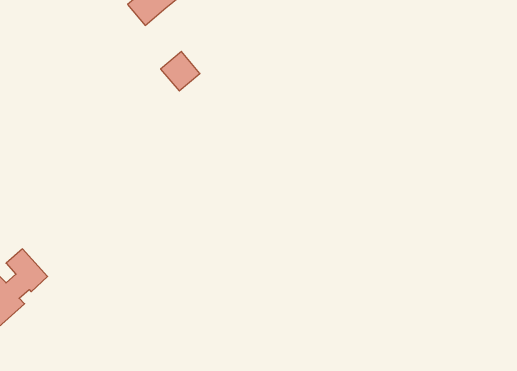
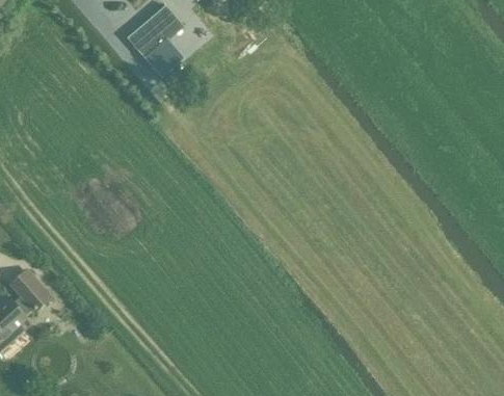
building: [161,51,200,91] -> [143,41,181,78]

